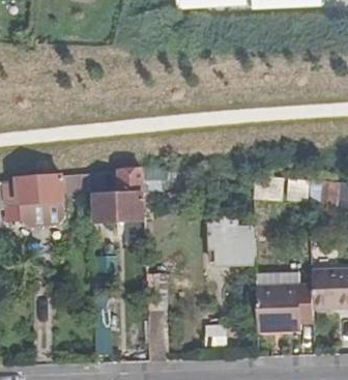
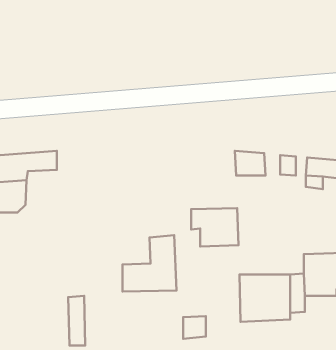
building: [94,169,144,221] -> [122,235,176,292]

